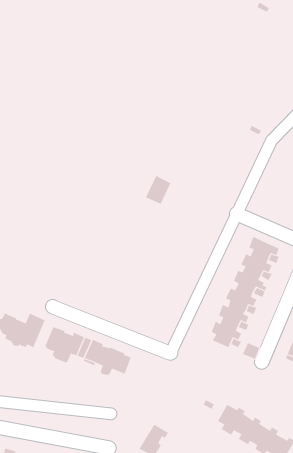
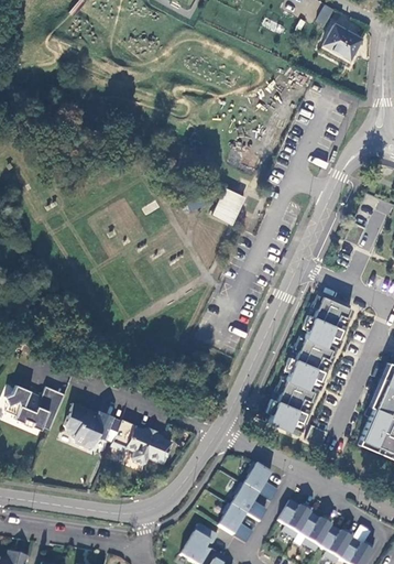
building: none -> [326,24,364,59]
building: [145,175,171,205] -> [209,186,241,223]
building: none -> [217,462,270,534]

